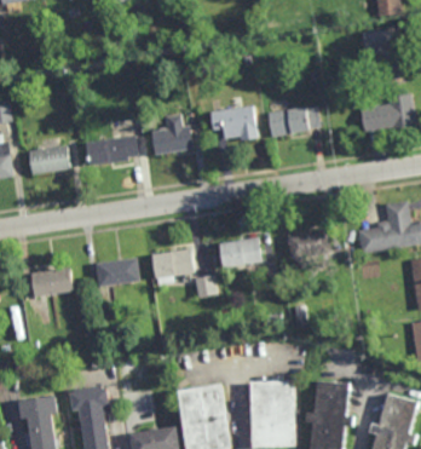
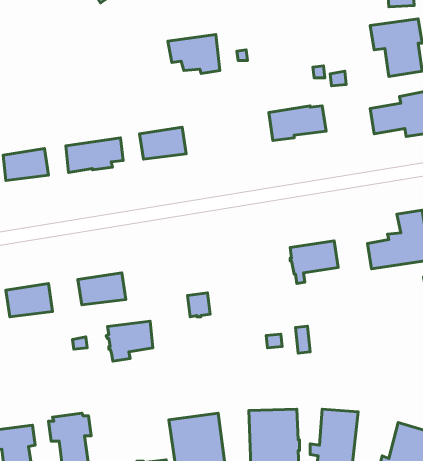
building: [211,104,258,139] -> [168,35,220,73]
building: [220,236,261,267] -> none
building: [151,248,194,284] -> [106,321,153,361]

